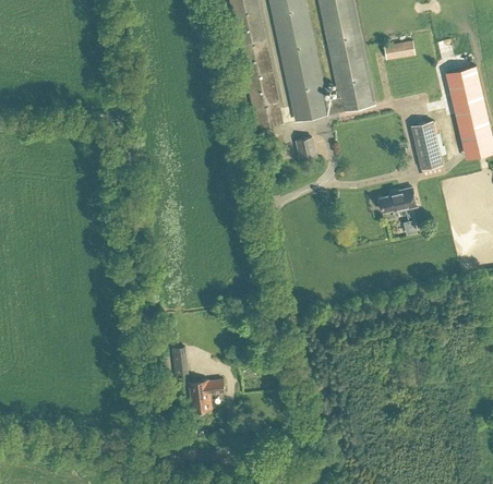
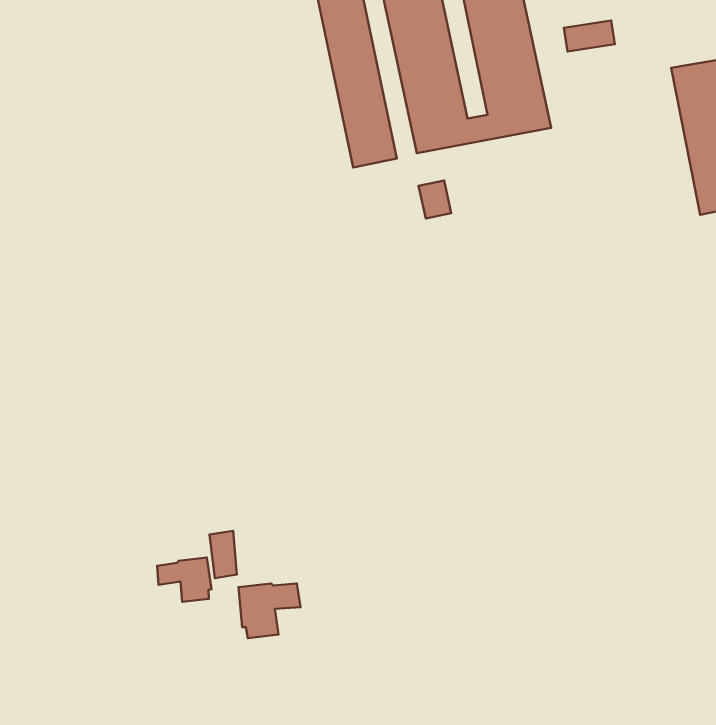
building: [410,121,442,169] -> none
building: [377,187,416,211] -> none
building: none -> [157,557,211,602]

